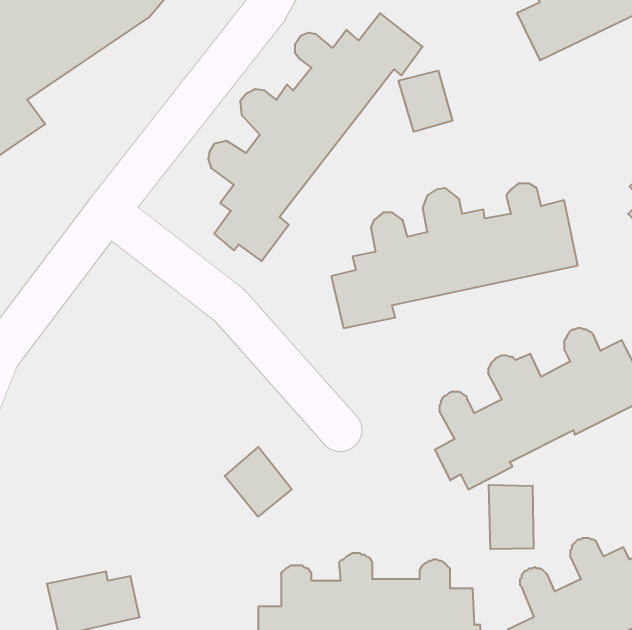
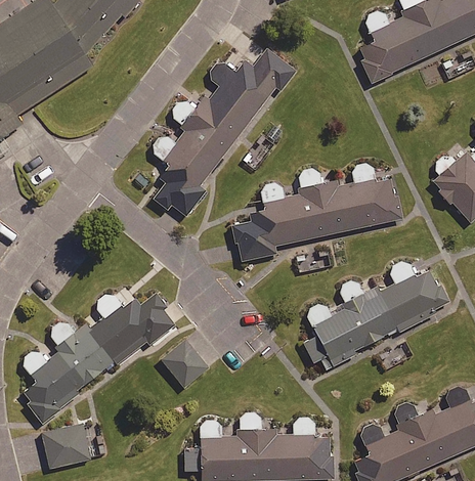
building: [398,71,452,132] -> none
building: none -> [20,290,175,424]
building: [489,485,534,549] -> none

